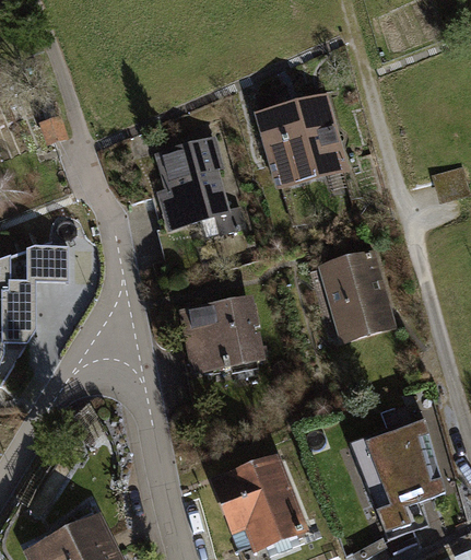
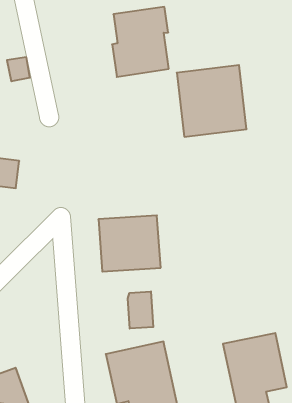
building: [152,135,231,231] -> [112,7,169,77]
building: [323,254,390,334] -> none
building: none -> [128,291,153,329]

